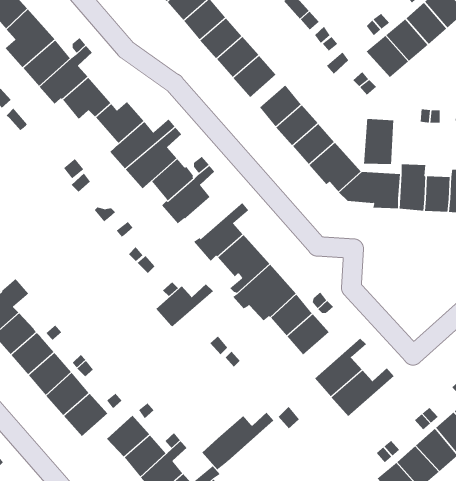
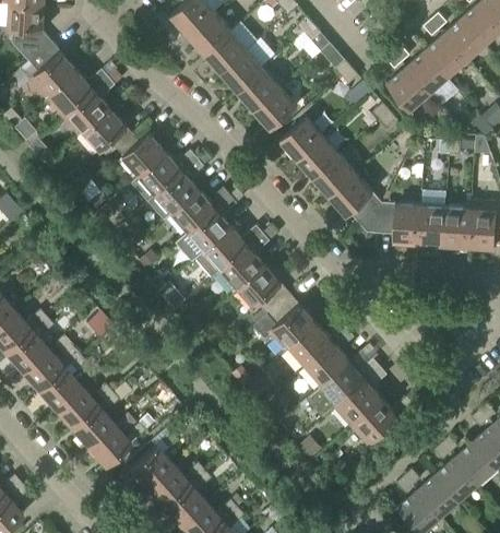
building: [364,118,394,165] -> none
building: [155,283,214,327] -> [206,226,264,270]
building: [202,412,274,470] -> [309,359,381,417]

